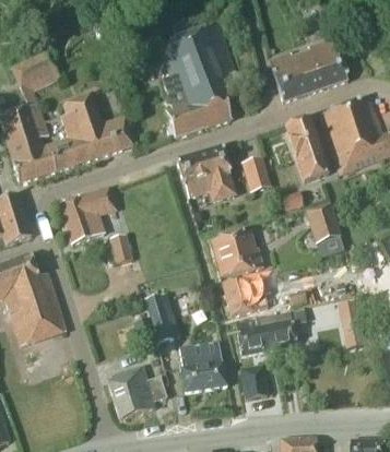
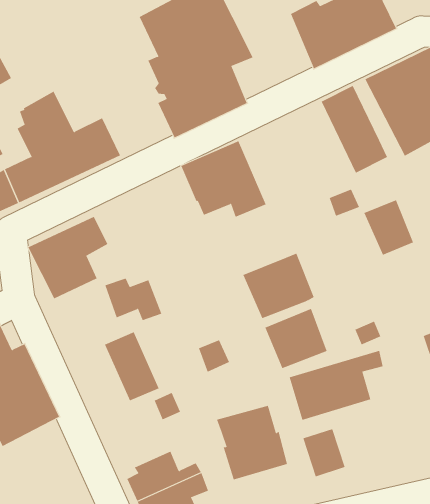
building: [240,155,271,191] -> none
building: [143,292,179,342] -> [104,332,159,401]

